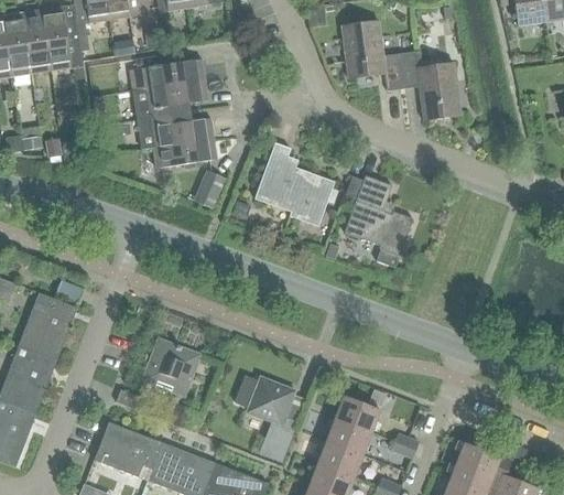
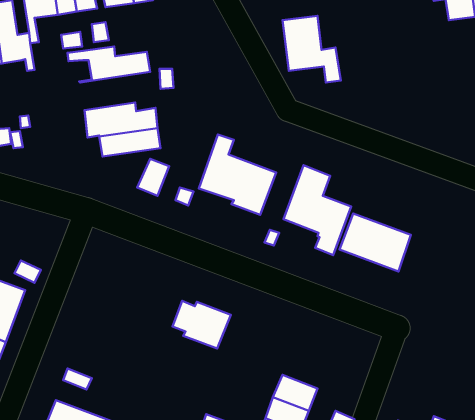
building: [399,52,463,119] -> none
building: [133,79,209,119] -> none
building: none -> [340,213,411,271]
building: [142,338,199,395] -> none
building: [235,375,295,424] -> [173,301,231,349]

